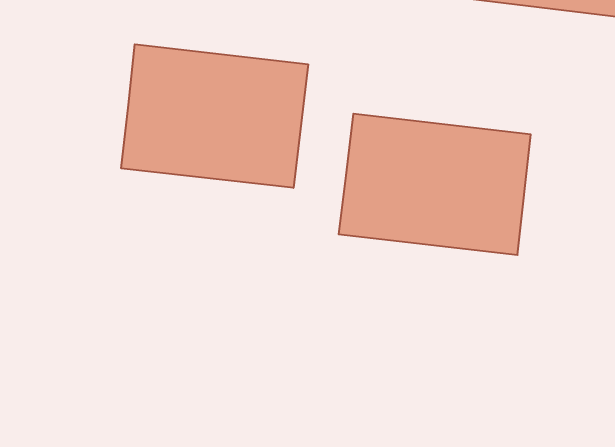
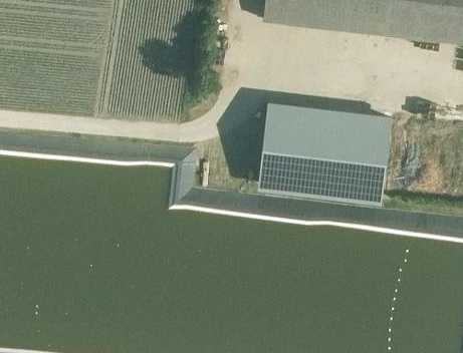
building: [121,44,308,188] -> none

